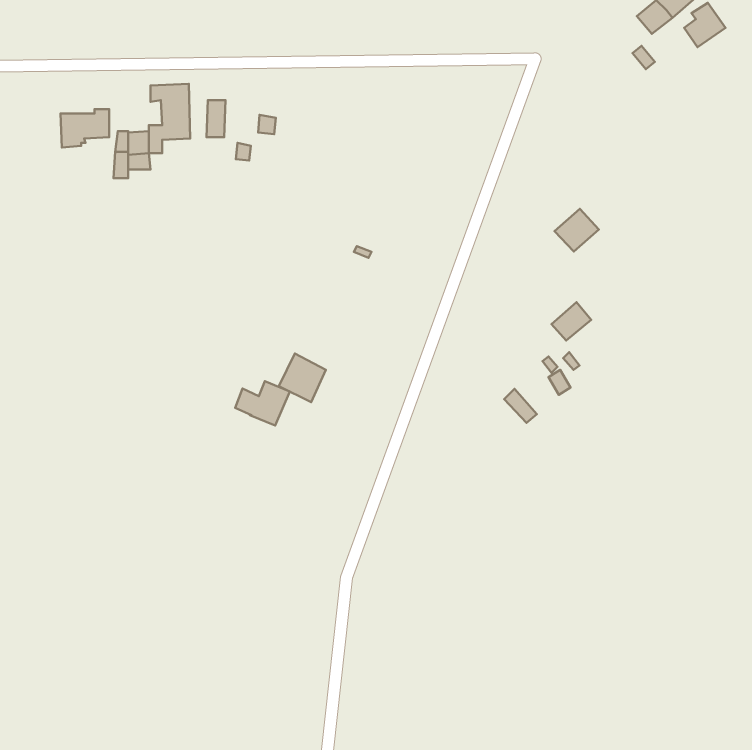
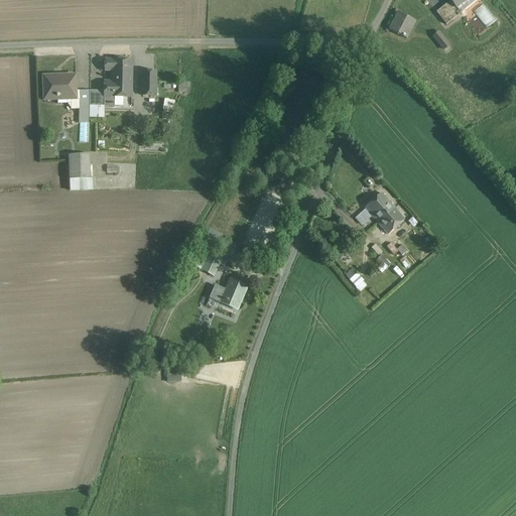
building: none -> [388,10,414,37]
building: [555,209,599,252] -> [364,192,394,222]
building: none -> [68,152,91,186]
building: [235,381,290,425] -> [209,278,246,308]

